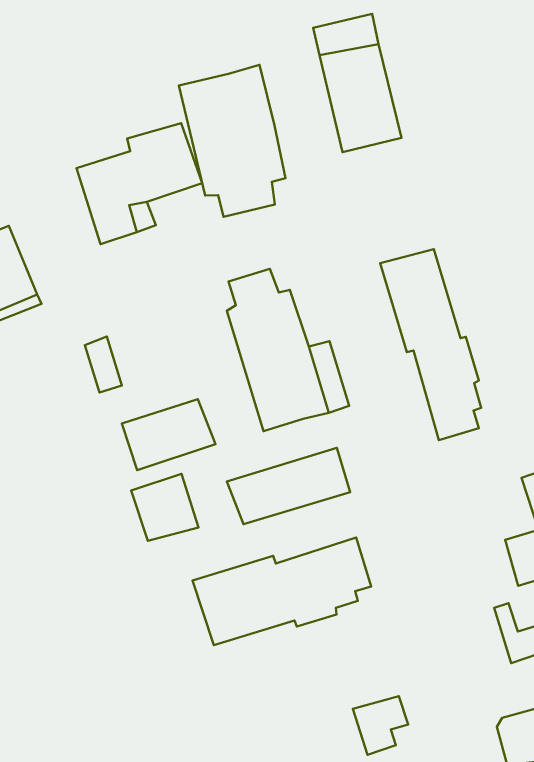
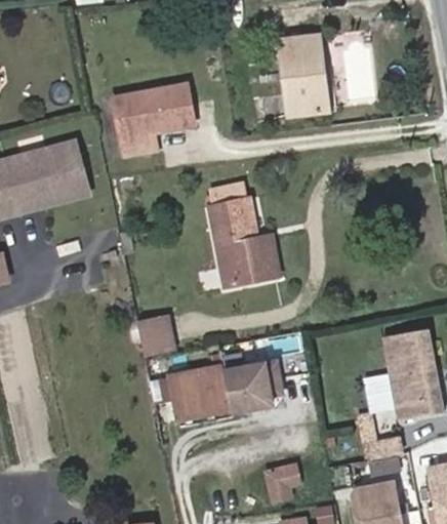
building: [179,65,285,217] -> none
building: [380,249,481,440] -> none
building: [122,399,215,470] -> none
building: [227,448,350,524] -> none

